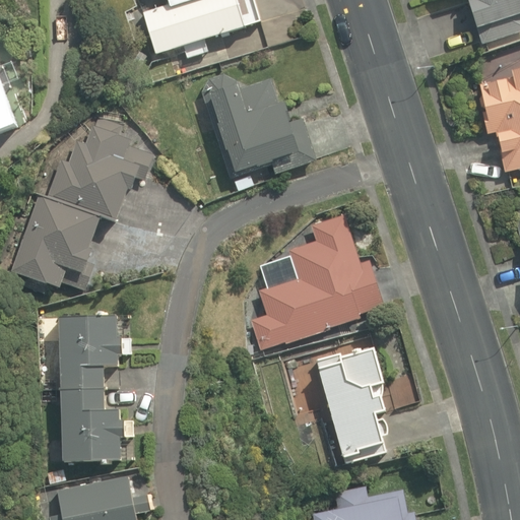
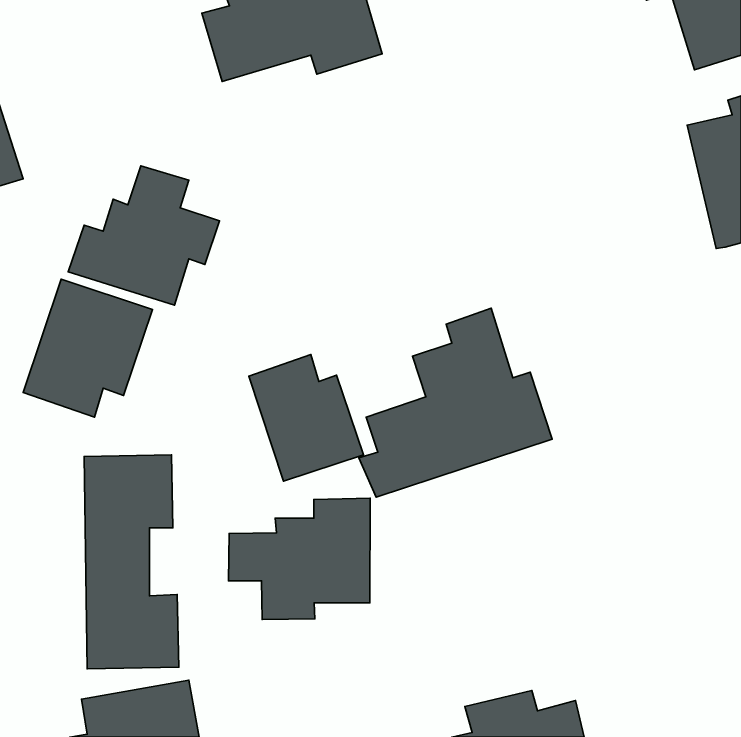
building: [199,72,314,177] -> none
building: none -> [249,355,363,481]
building: [315,340,393,464] -> none
building: none -> [228,498,370,620]

